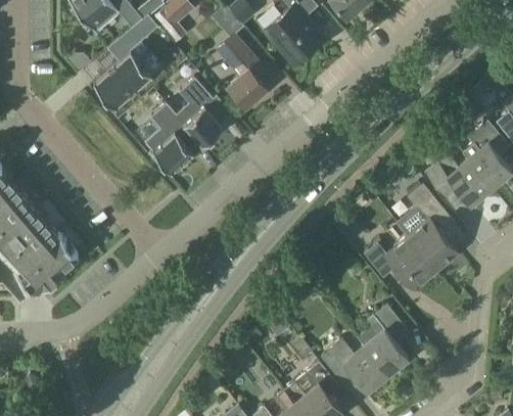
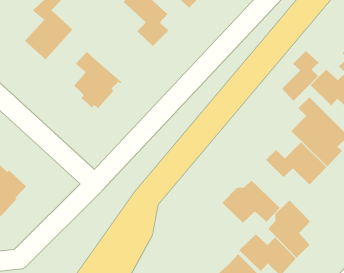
building: [177,77,233,146] -> none
building: none -> [281,50,319,102]
building: none -> [222,180,281,224]

